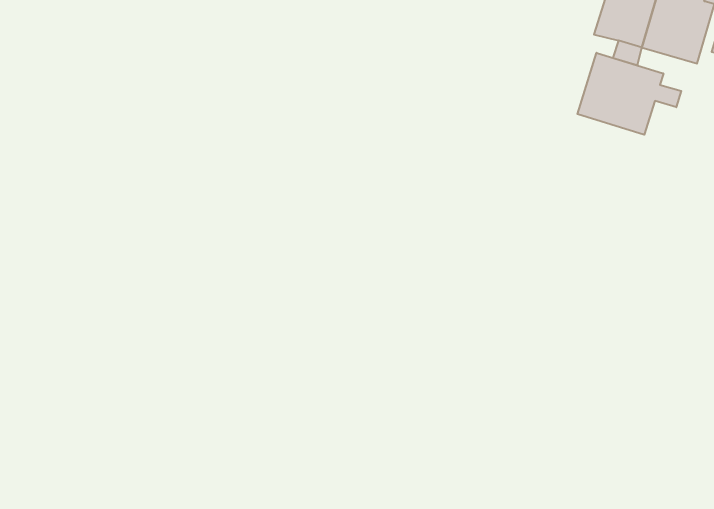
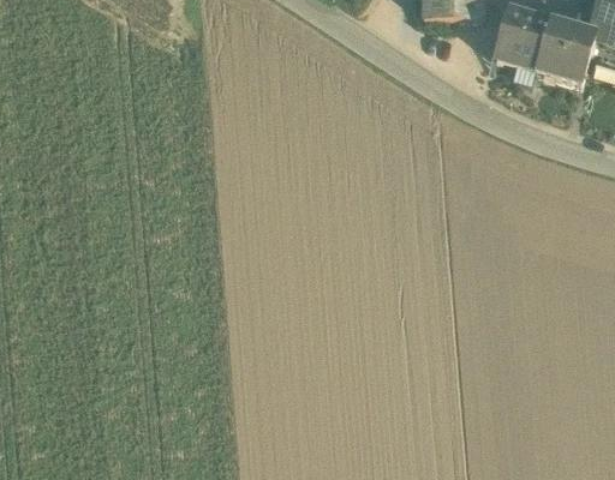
building: [577,53,681,135] -> none

